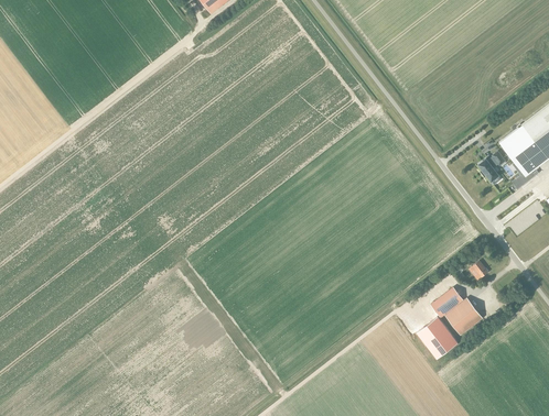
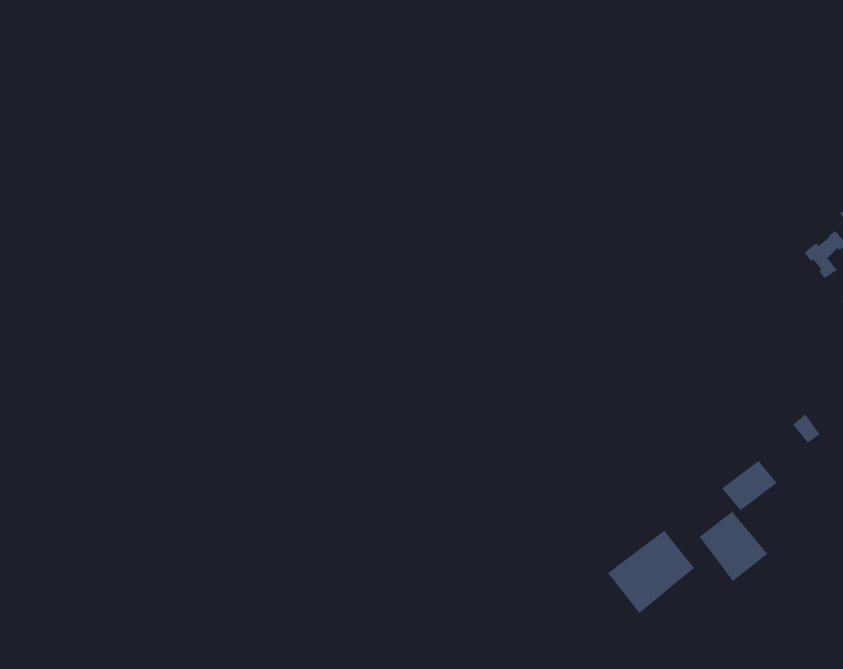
building: [445,298,483,335] -> none
building: none -> [607,530,695,614]

